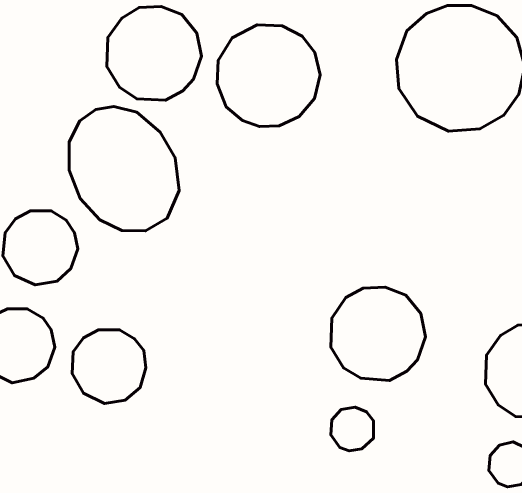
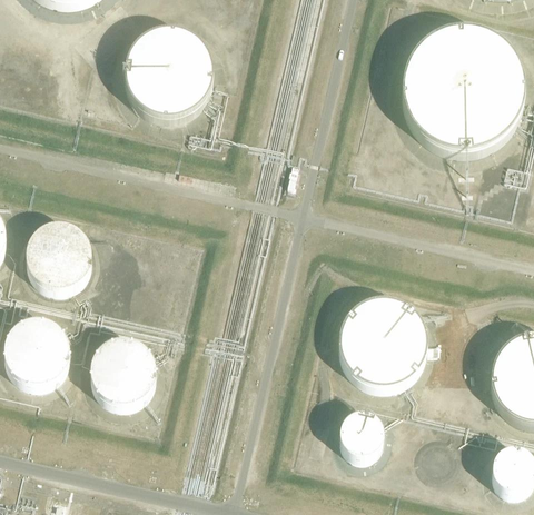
building: [217,25,320,126] -> none
building: [69,107,179,231] -> none

